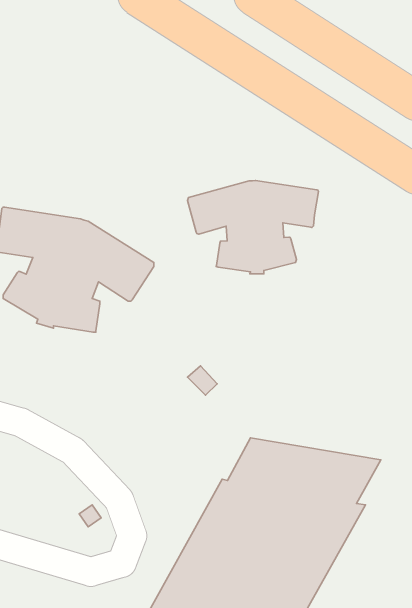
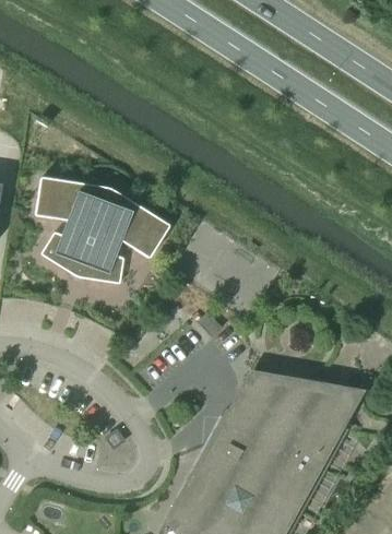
building: [187,181,319,274] -> none

